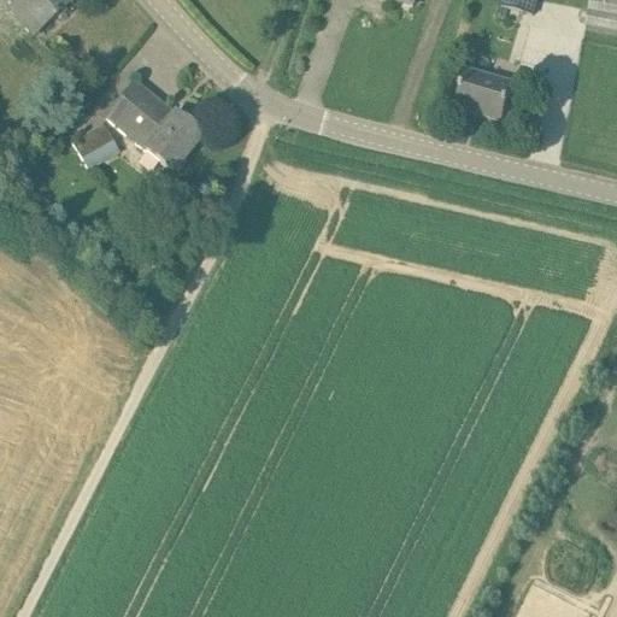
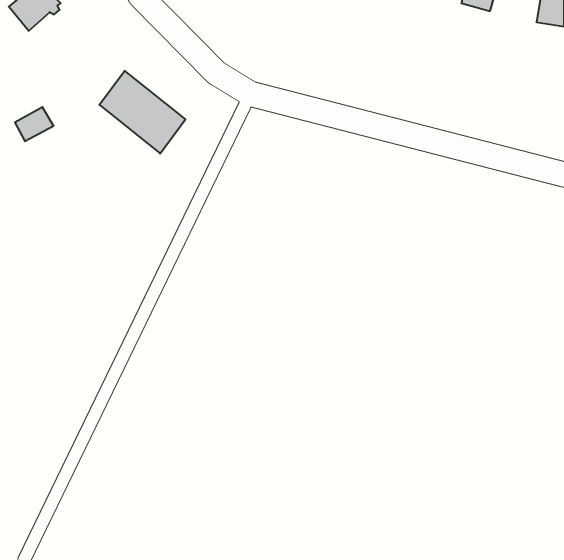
building: [454,69,512,119] -> none
building: [71,122,113,159] -> [15,107,54,141]

